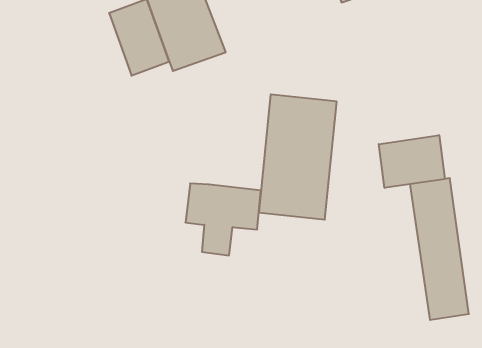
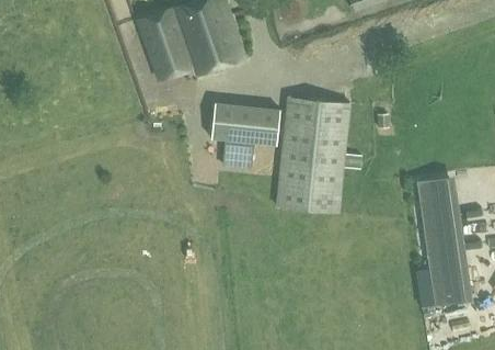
building: [379,135,445,188] -> none
building: [185,183,261,255] -> [208,103,278,170]

